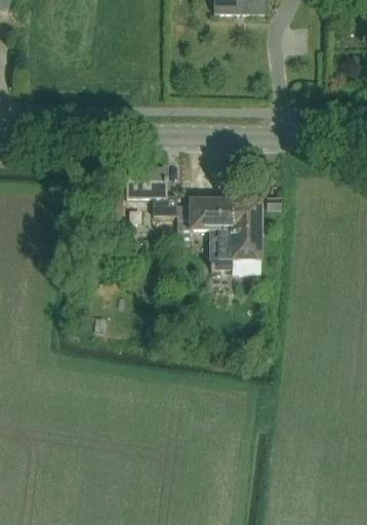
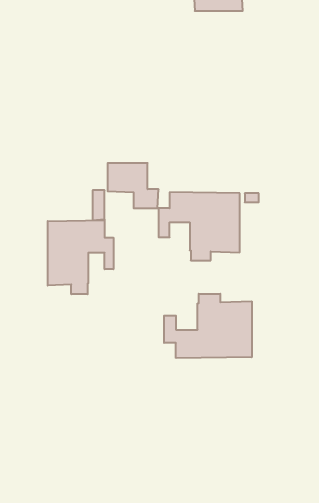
building: none -> [48,220,113,294]
building: none -> [164,294,252,358]

